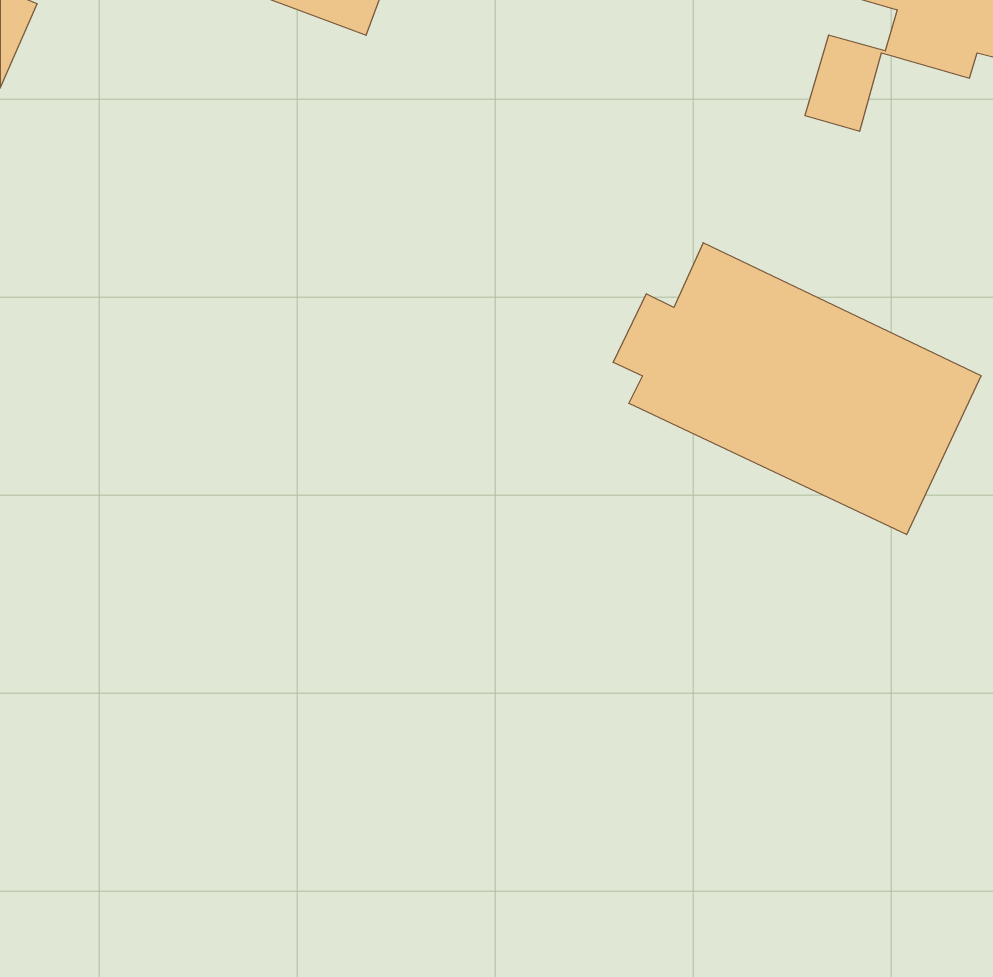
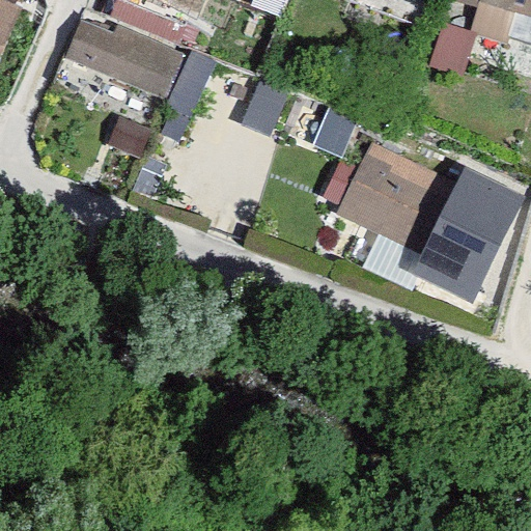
building: none -> [61,5,194,118]

